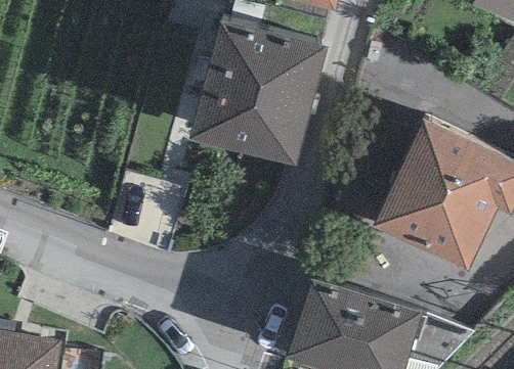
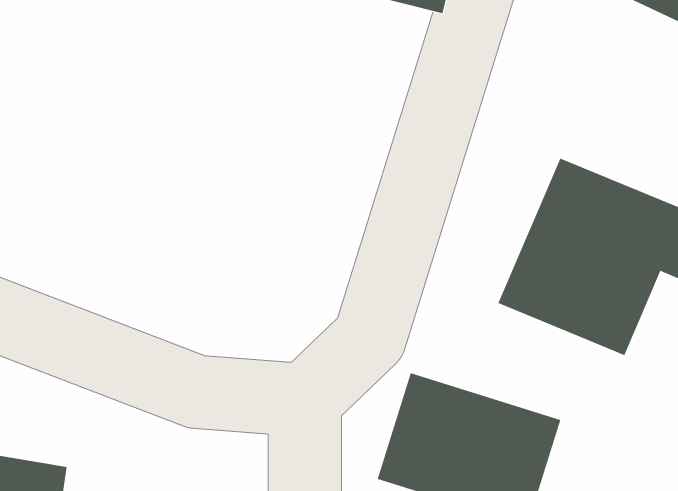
building: [189,13,327,158] -> none

